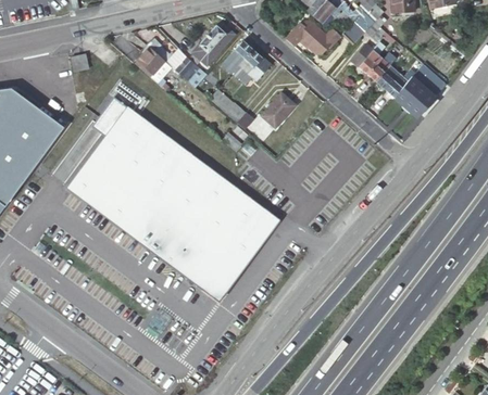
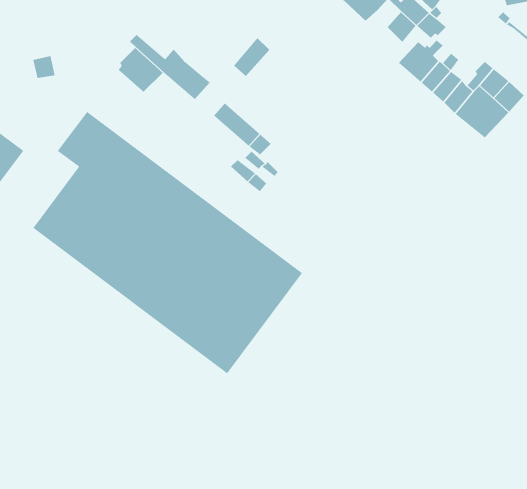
building: [286,21,337,52] -> none
building: [191,25,235,66] -> none
building: [234,50,270,80] -> none
building: [261,93,296,128] -> none

